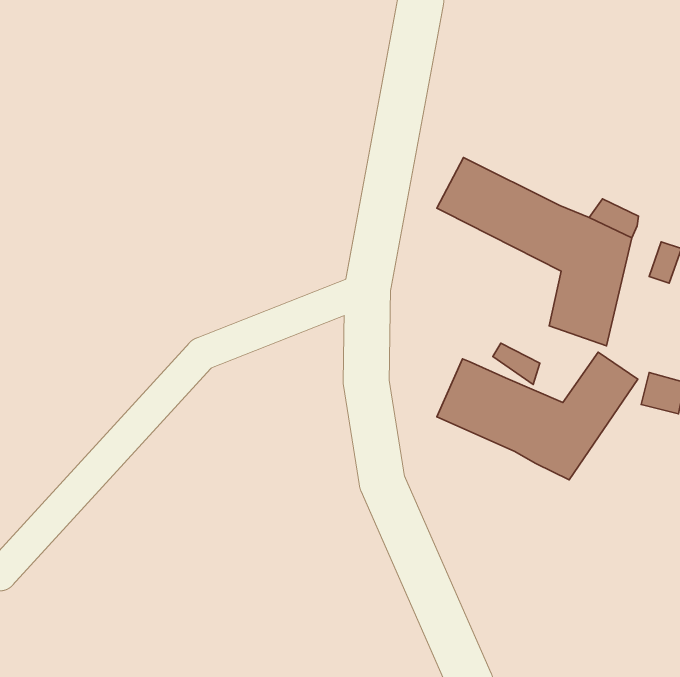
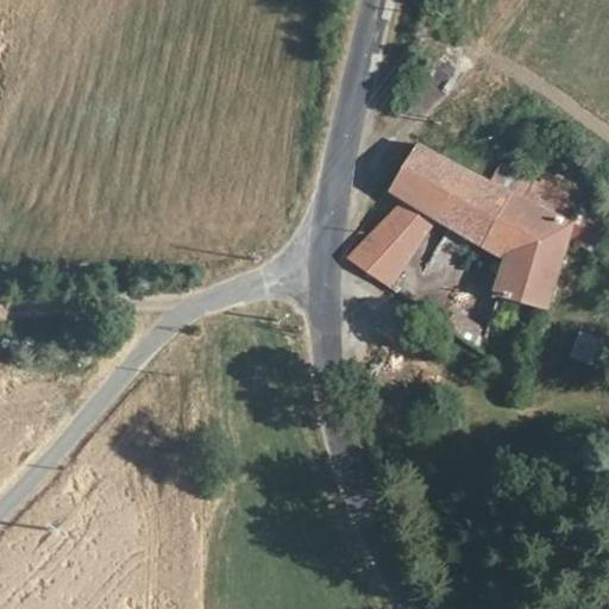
building: none -> [352,194,439,287]
building: [437,352,638,480] -> none

